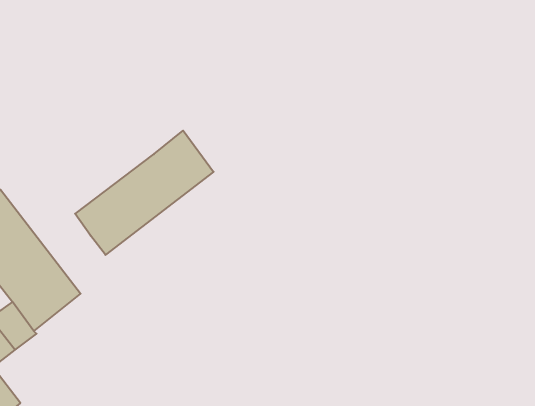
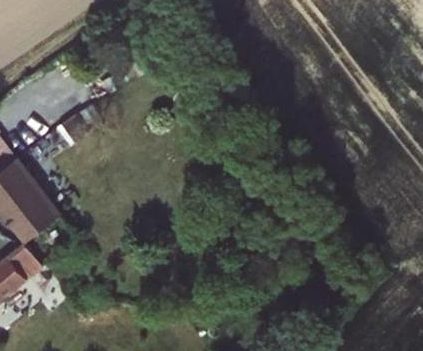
building: [75,131,214,255] -> none

